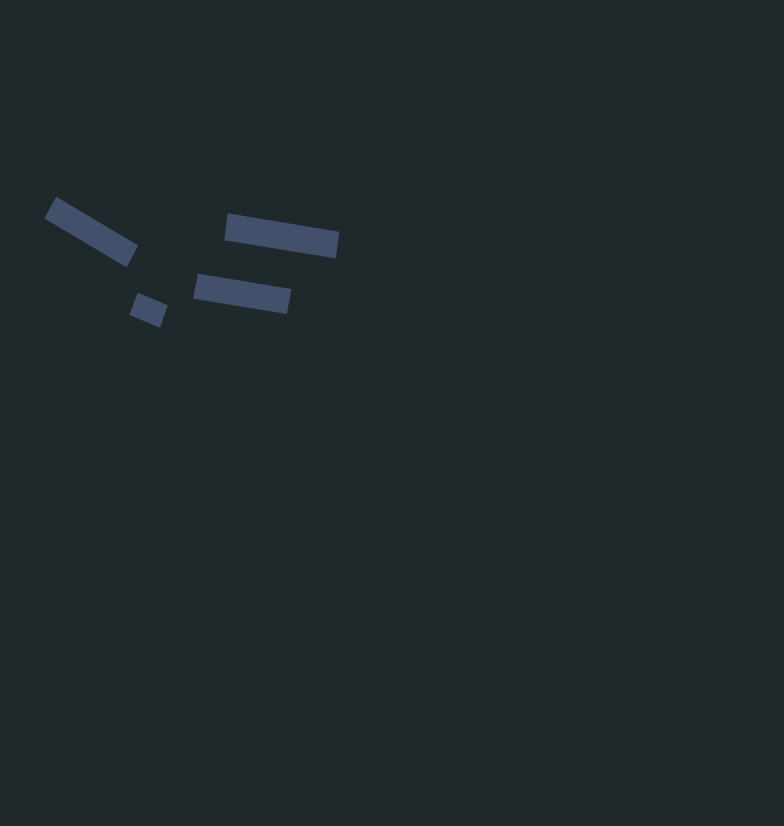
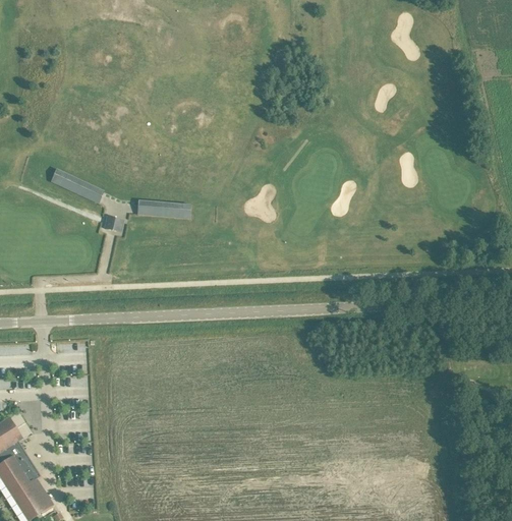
building: [224,213,340,259] -> none

